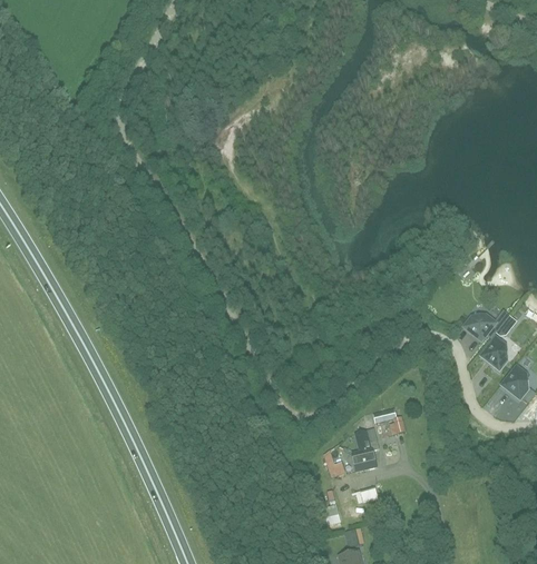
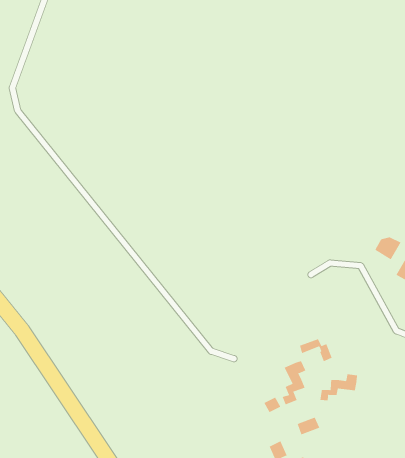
building: none -> [320,374,358,401]

